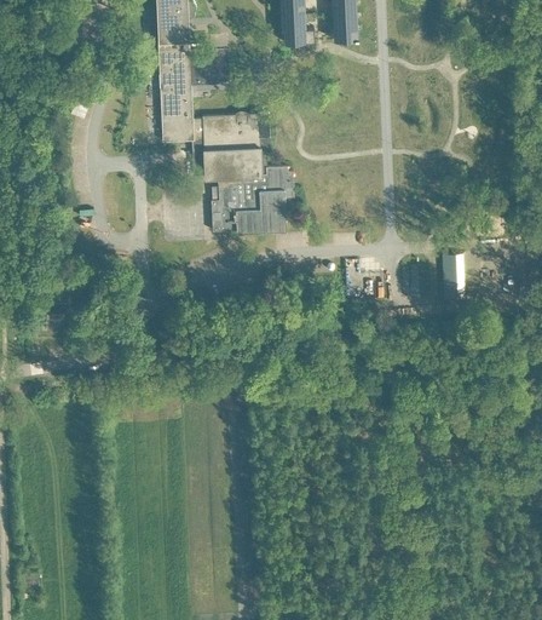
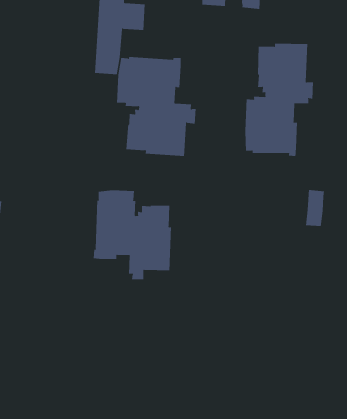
building: none -> [245,43,313,157]
building: none -> [93,189,171,280]

